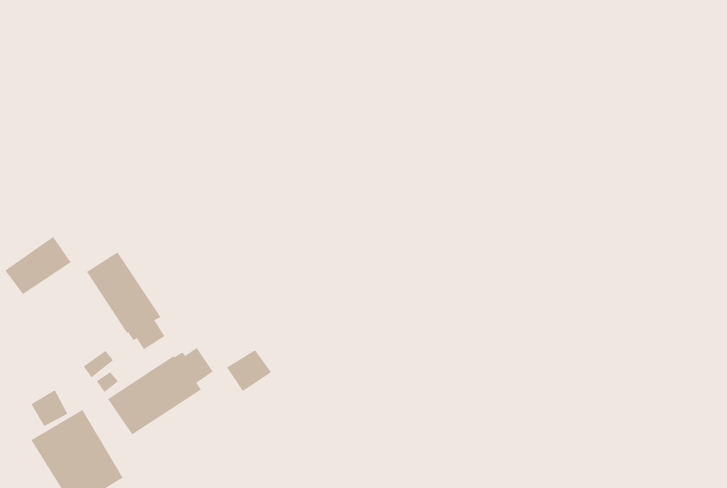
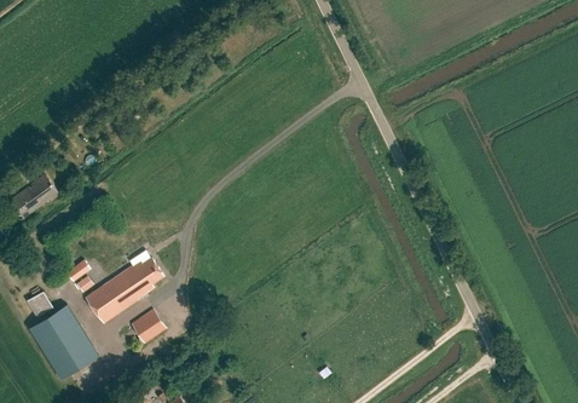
building: [86,252,165,350] -> none
building: [226,349,272,392] -> [131,311,164,342]

